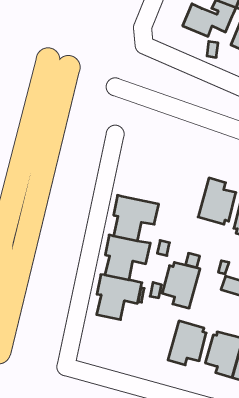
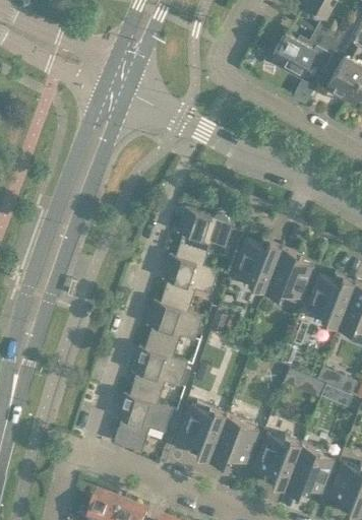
building: none -> [175,209,233,266]
building: none -> [233,239,283,291]
building: [162,262,200,308] -> [179,403,228,460]
building: none -> [114,394,173,453]

